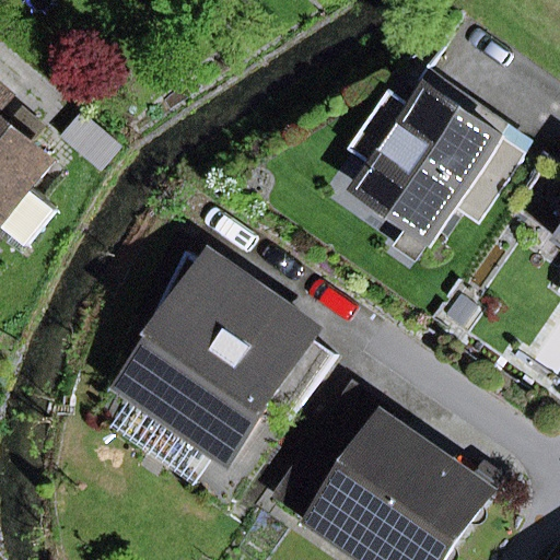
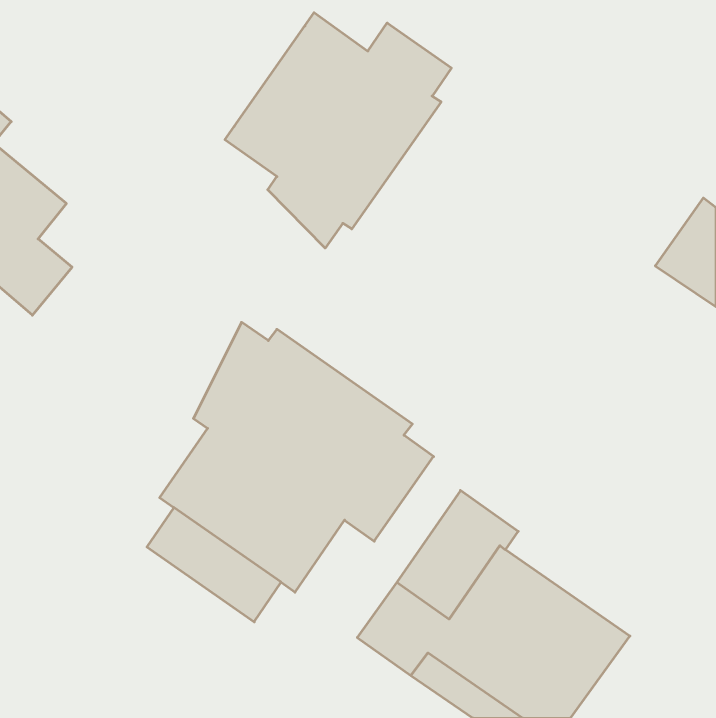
building: none -> [225,13,451,248]
building: [361,85,525,258] -> none

